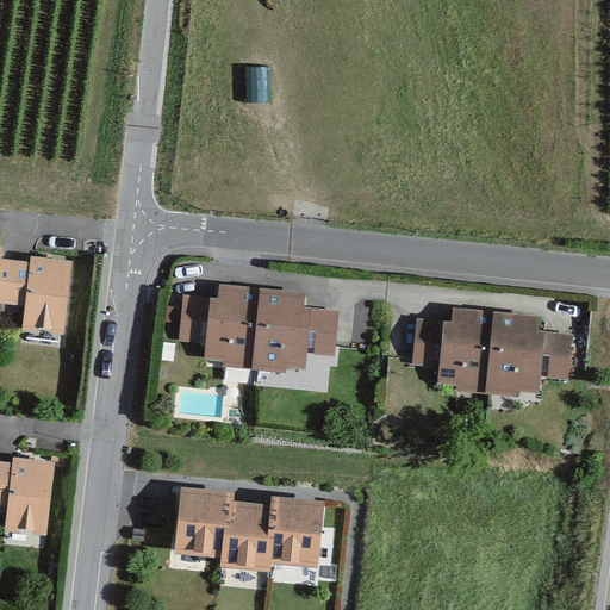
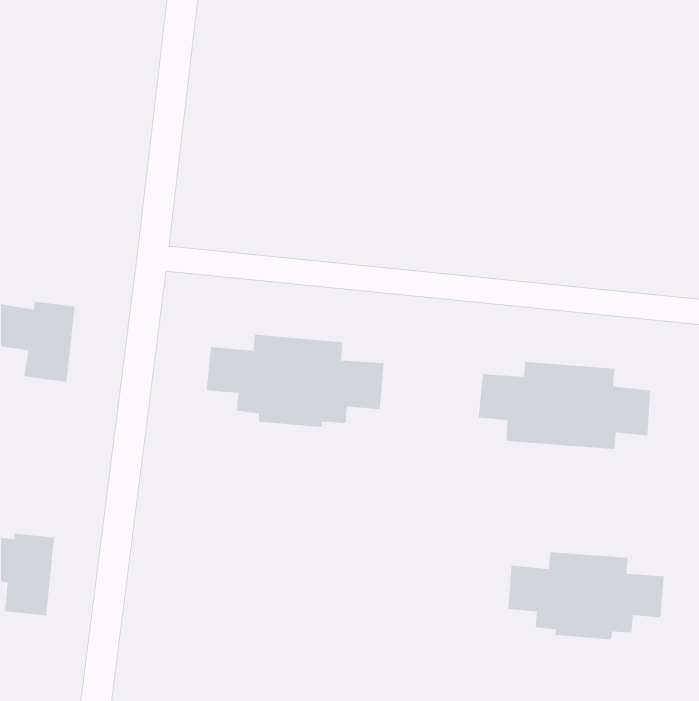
building: none -> [508,551,664,640]
building: [173,486,324,569] -> none

